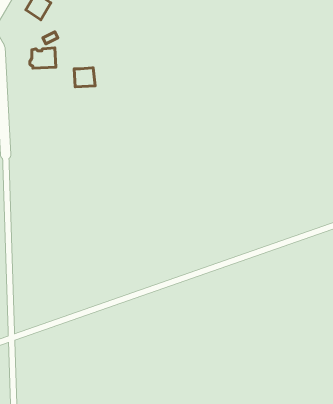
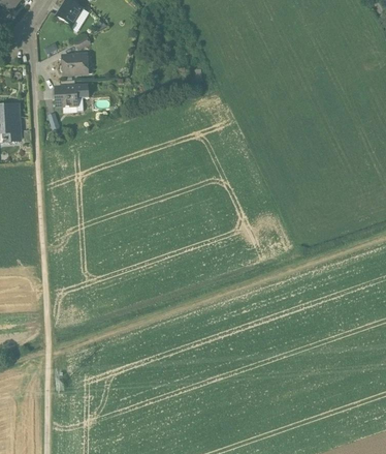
building: [74,68,95,87] -> [56,86,77,105]

